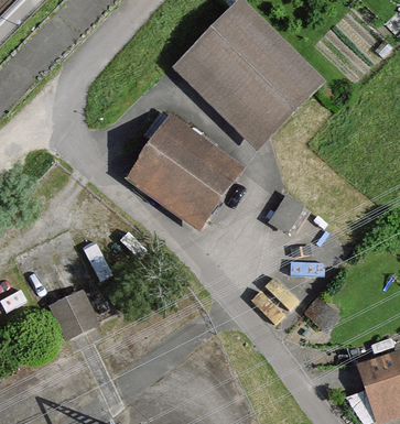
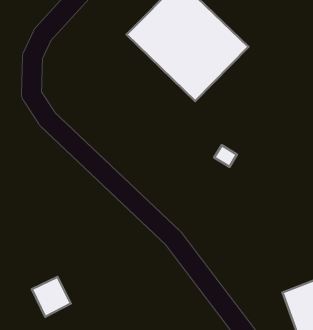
building: [130,120,237,224] -> none
building: [51,292,96,338] -> [32,277,71,317]

